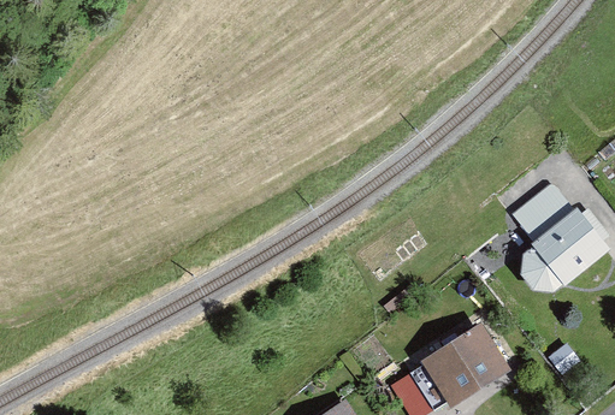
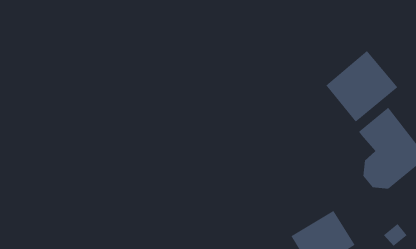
building: none -> [325,50,398,123]

